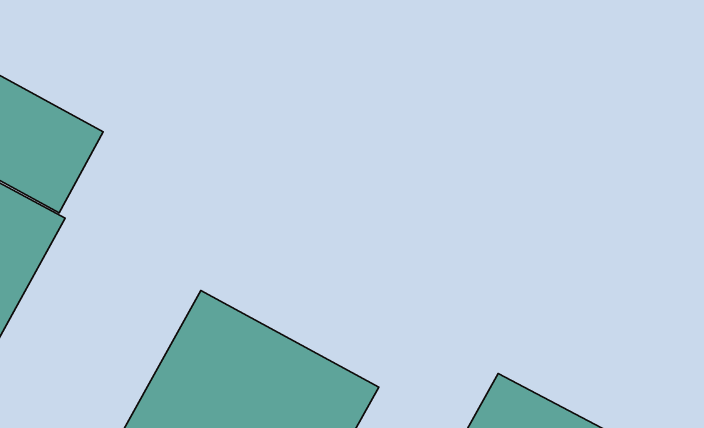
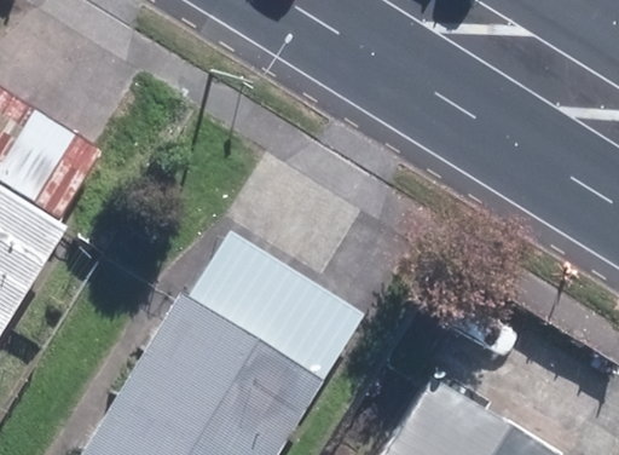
building: none -> [187,232,363,380]

